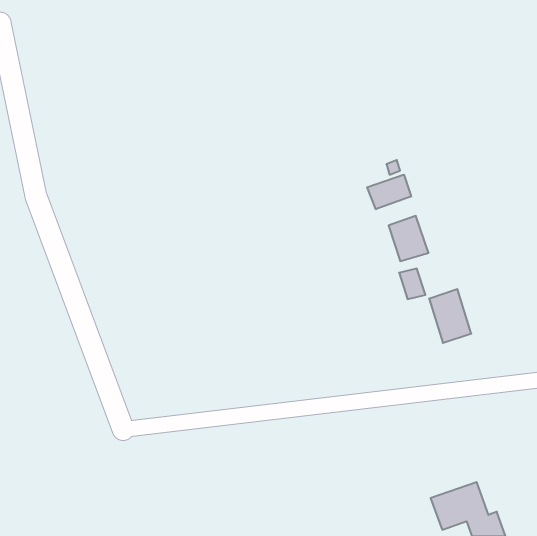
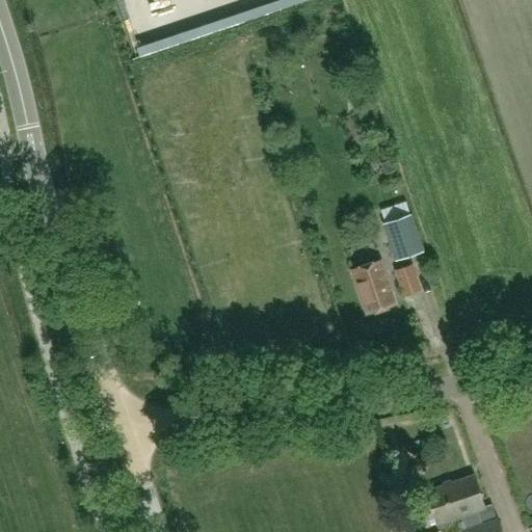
building: [367,175,411,209] -> none
building: [429,289,471,343] -> [353,261,395,314]

